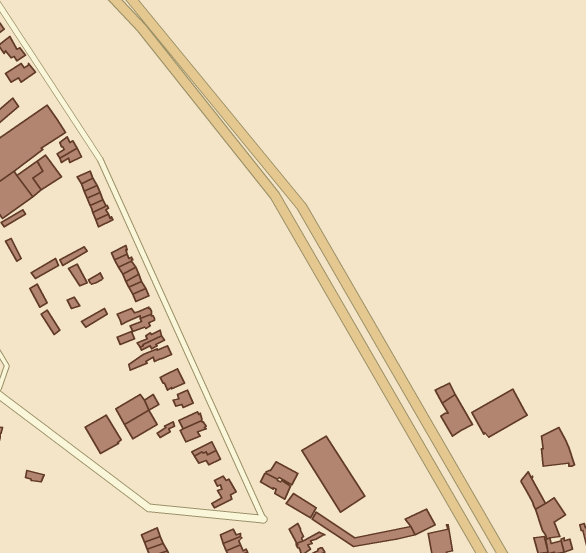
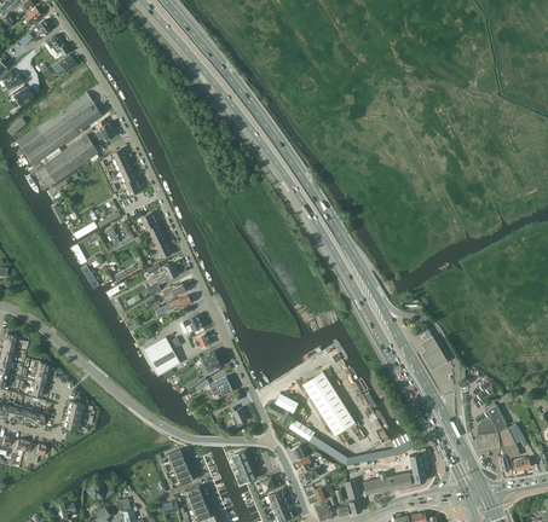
building: [472,389,527,437] -> none
building: [85,415,121,453] -> none
building: [542,427,575,466] -> [477,417,504,450]

